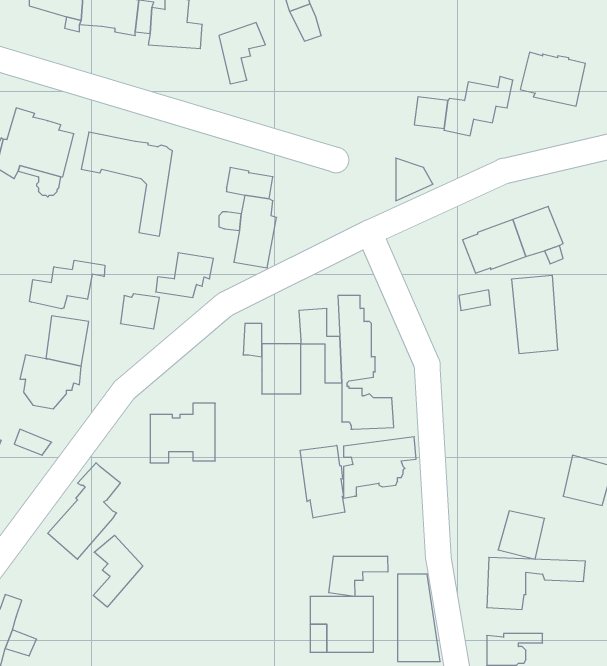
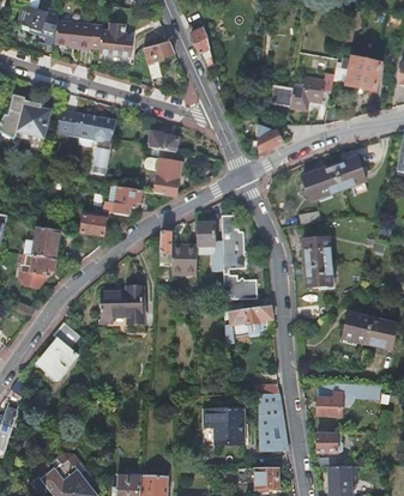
building: [30,260,105,309] -> none
building: [511,275,558,353] -> [301,237,331,288]
building: [300,445,345,518] -> none
building: [498,511,545,559] -> [342,313,372,344]
building: [93,535,143,607] -> none
building: [329,556,388,596] -> none

